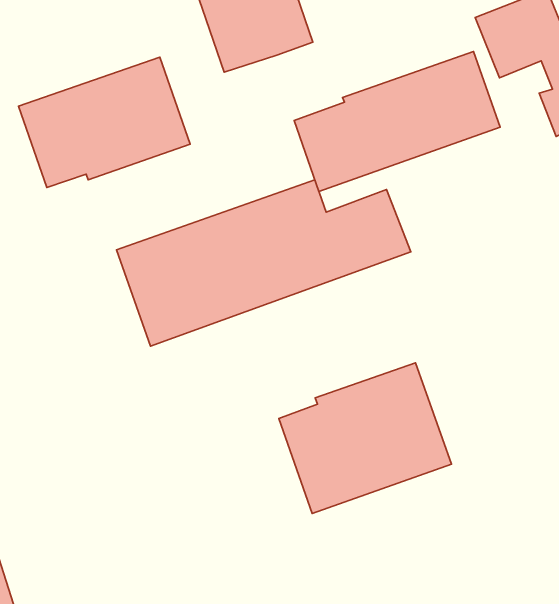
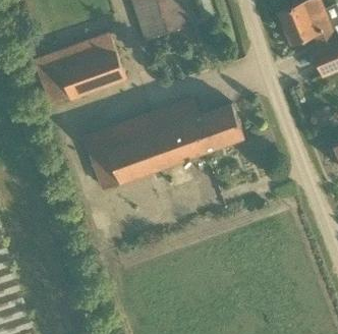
building: [294,52,500,191] -> none
building: [279,363,451,513] -> none

